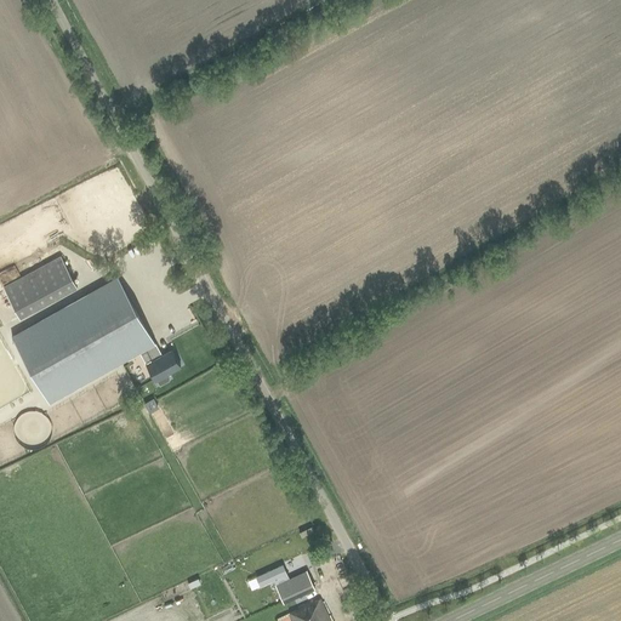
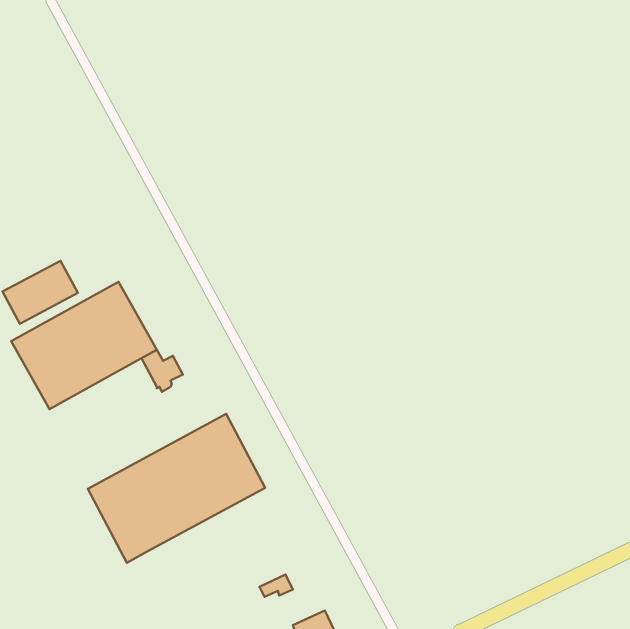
building: none -> [88,414,265,563]
building: [274,572,314,605] -> none

